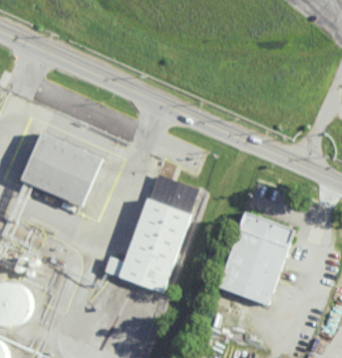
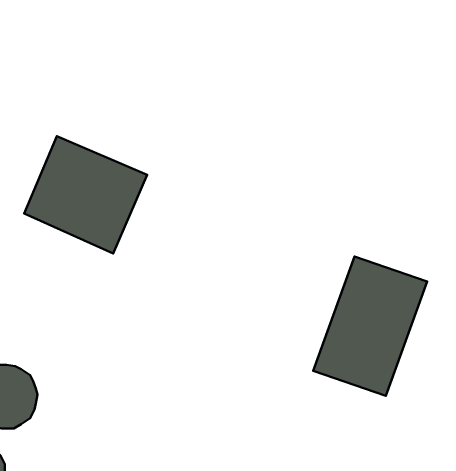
building: [102,174,200,295] -> none

